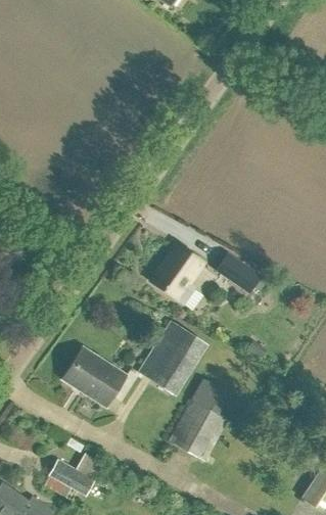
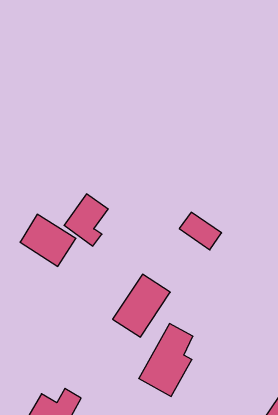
building: [151,244,201,303] -> [64,194,108,246]
building: [63,347,127,407] -> [20,214,76,266]

